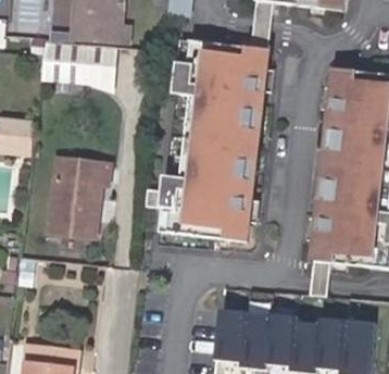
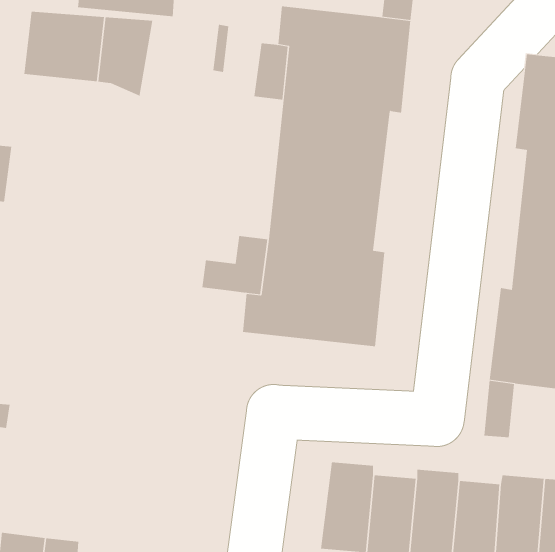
building: [49,160,109,238] -> none

